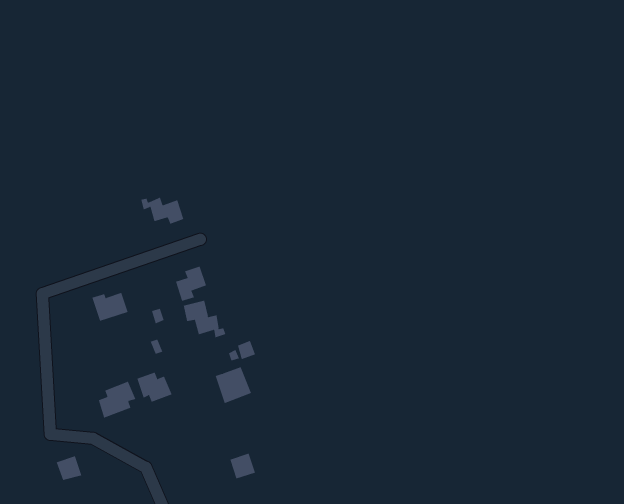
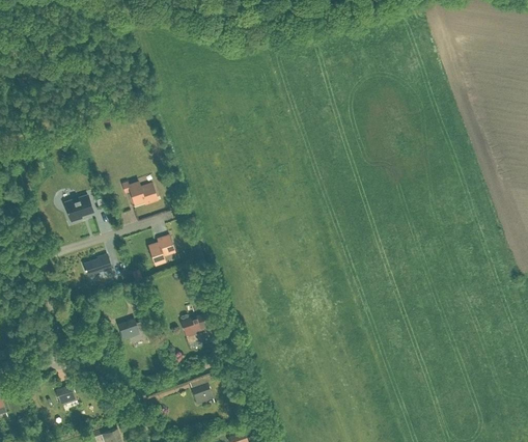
building: none -> [64,196,92,222]
building: [183,300,226,338] -> none
building: [98,381,136,418] -> none

